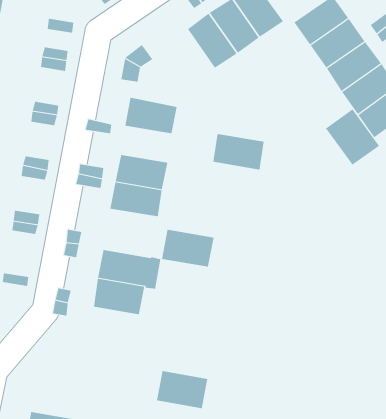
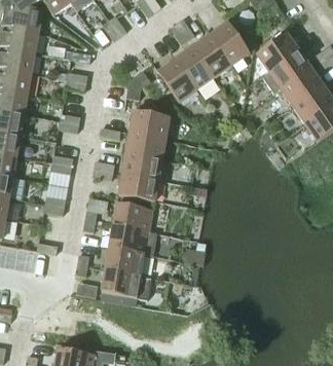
building: none -> [158,59,197,101]
building: [325,109,380,166] -> none
building: [213,133,264,170] -> [126,132,165,159]
building: [161,229,214,267] -> [113,203,153,231]
building: [156,371,208,409] -> [102,268,141,297]

